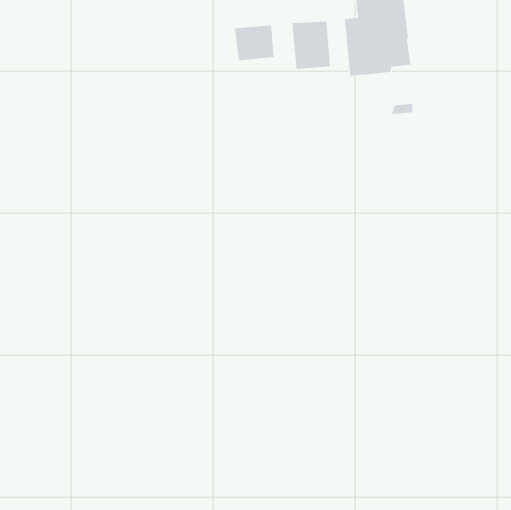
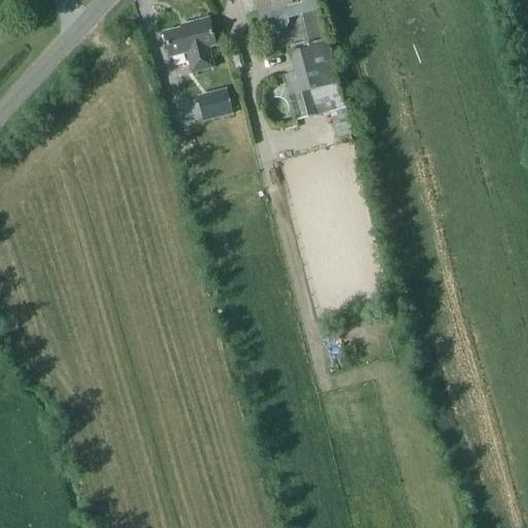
building: [292,21,330,70] -> none

